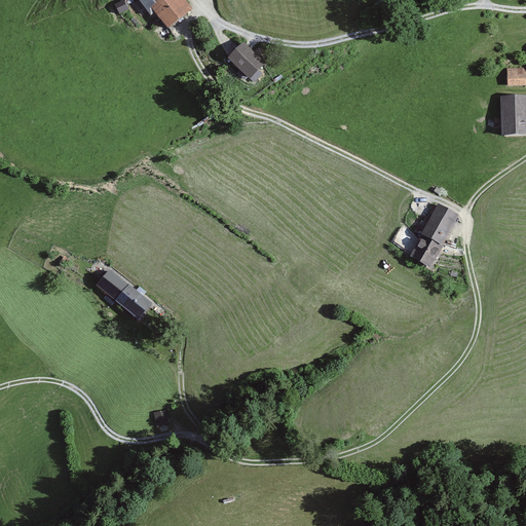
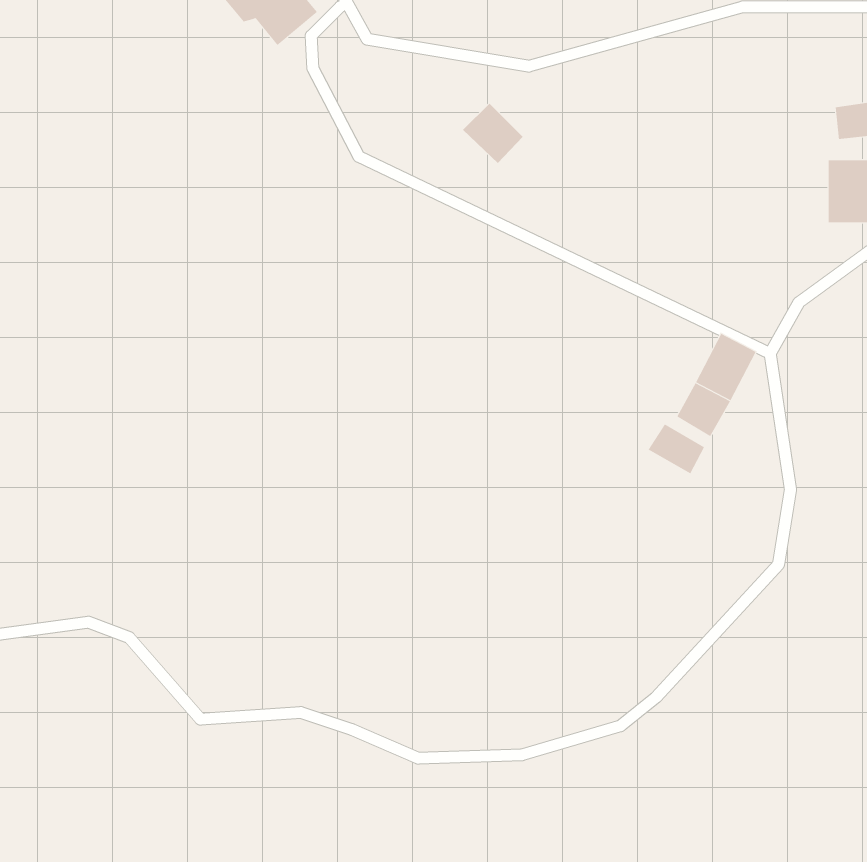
building: [229,44,266,81] -> [462,103,523,164]
building: none -> [648,424,705,474]
building: [97,269,151,317] -> none

